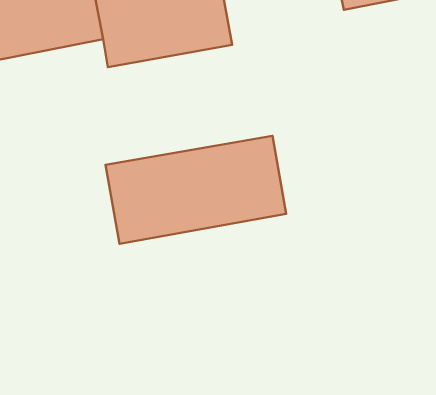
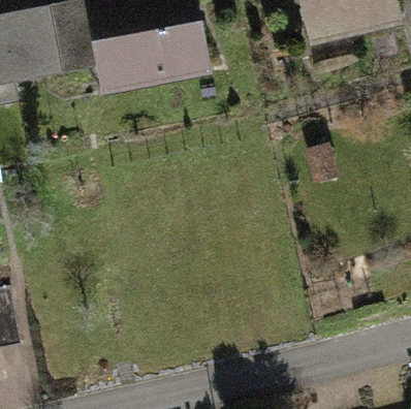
building: [105,136,286,244] -> none

